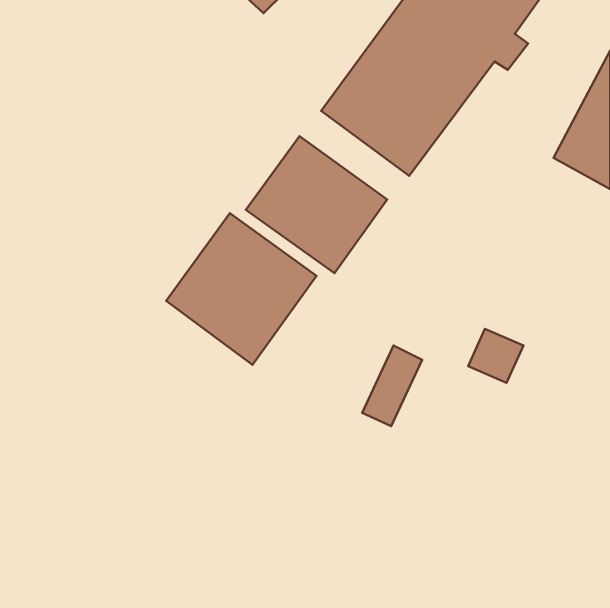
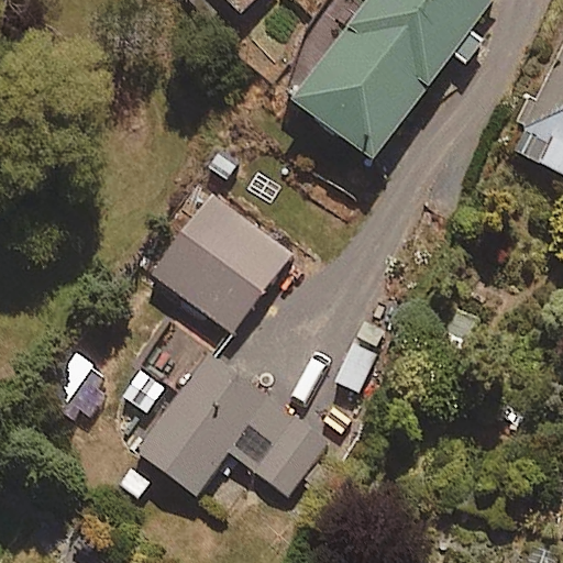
building: [246,136,387,273] -> none
building: none -> [135,354,323,495]

